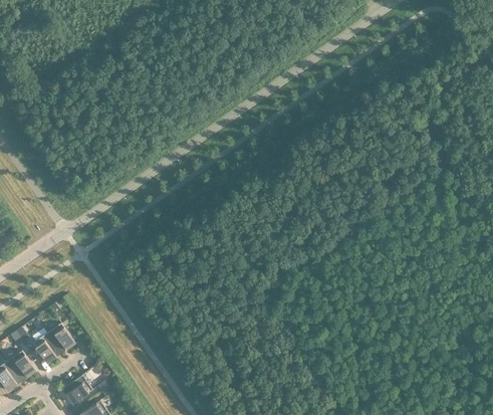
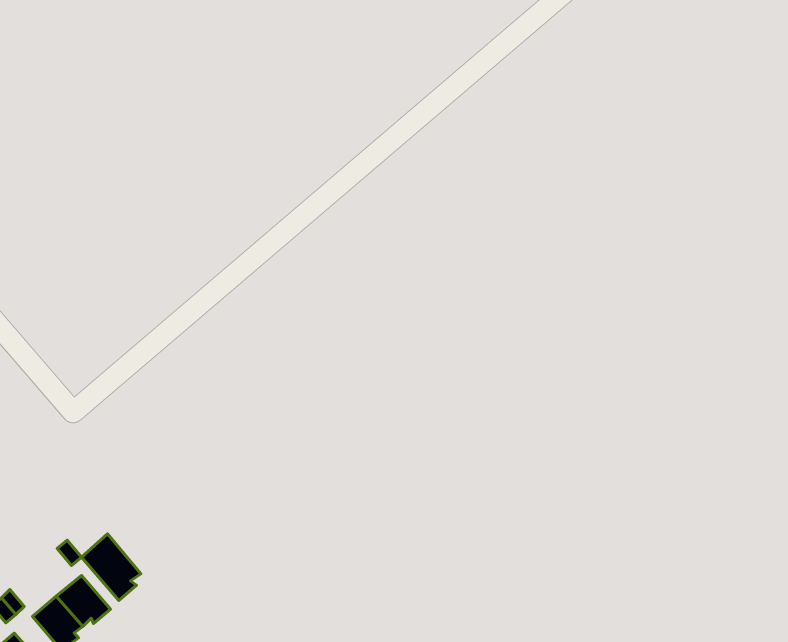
building: none -> [82,534,141,600]

